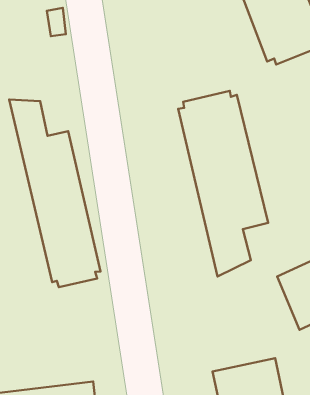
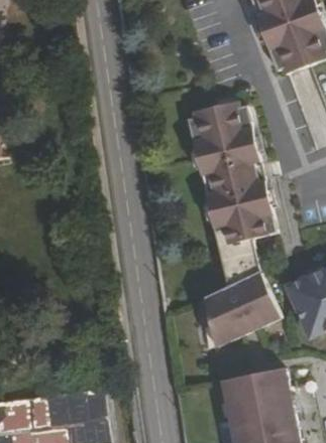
building: [9,99,100,287] -> none
building: none -> [204,270,280,347]

